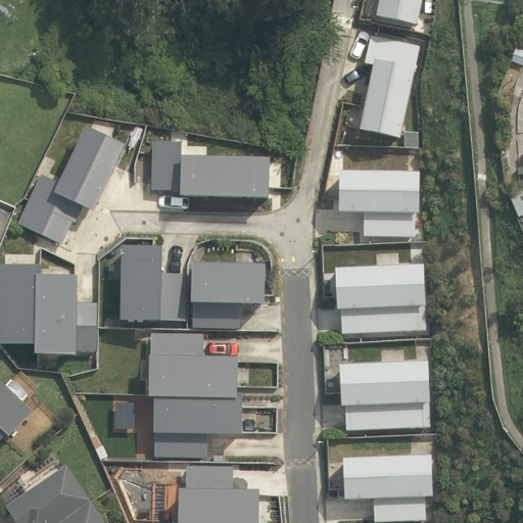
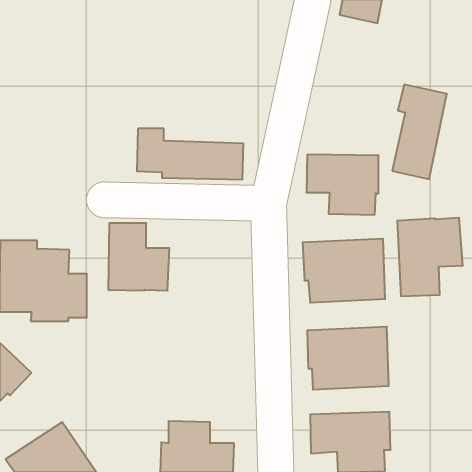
building: [359,35,419,139] -> [392,85,447,179]
building: [17,127,126,245] -> none
building: none -> [398,218,462,296]
building: [190,262,265,329] -> none
building: [148,332,243,458] -> none

